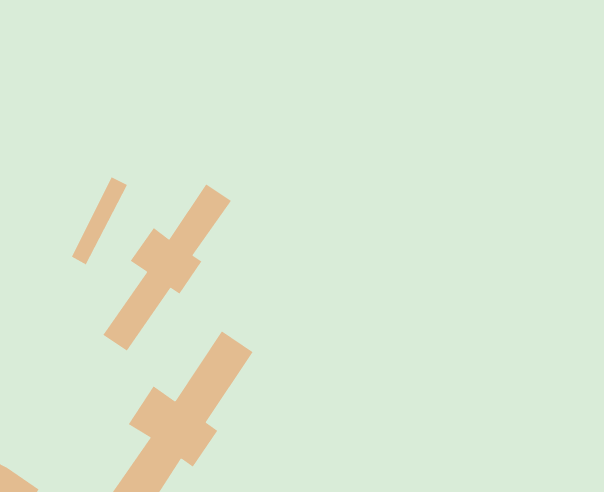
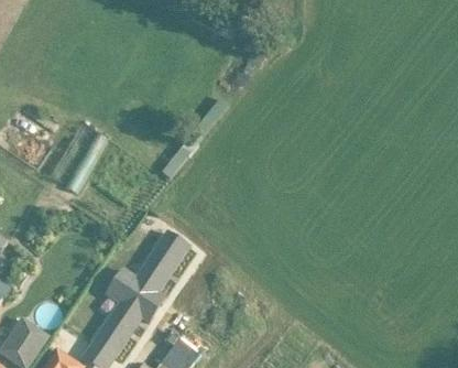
building: [103,184,232,352] -> none

